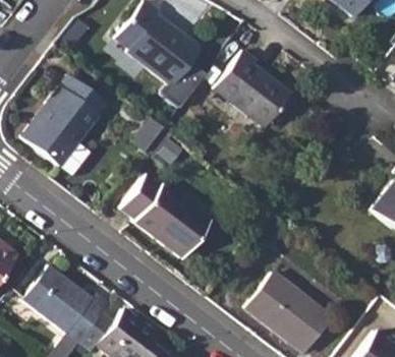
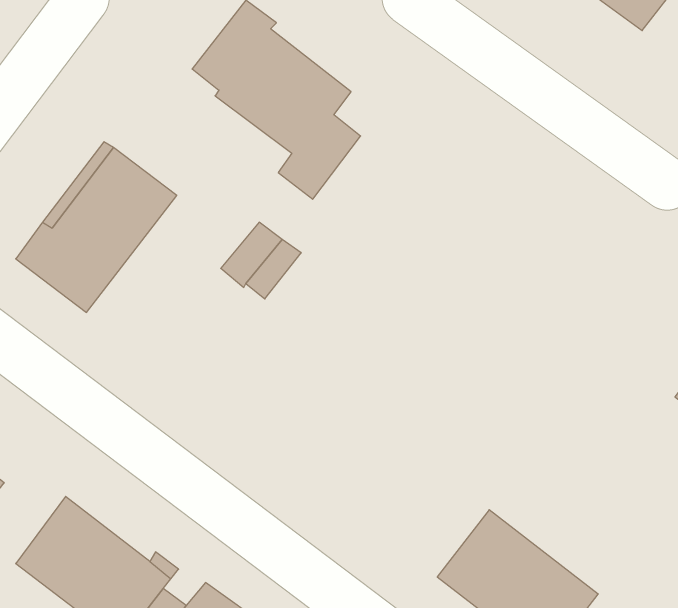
building: [216,50,292,127] -> none
building: [121,176,212,259] -> none

